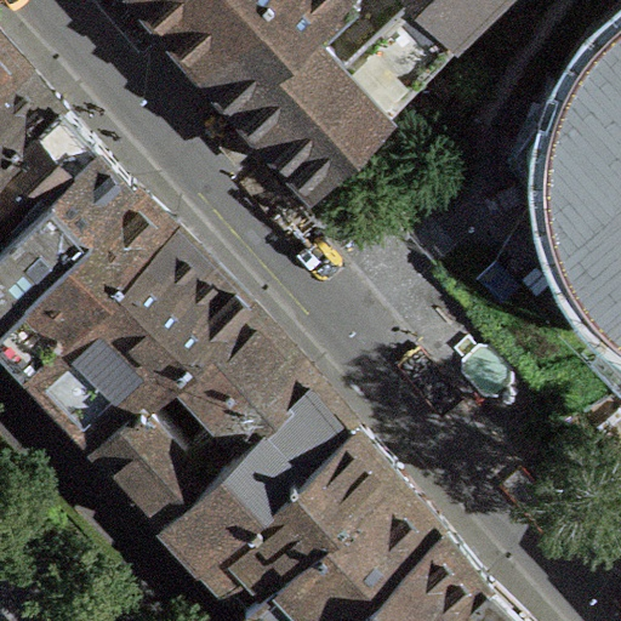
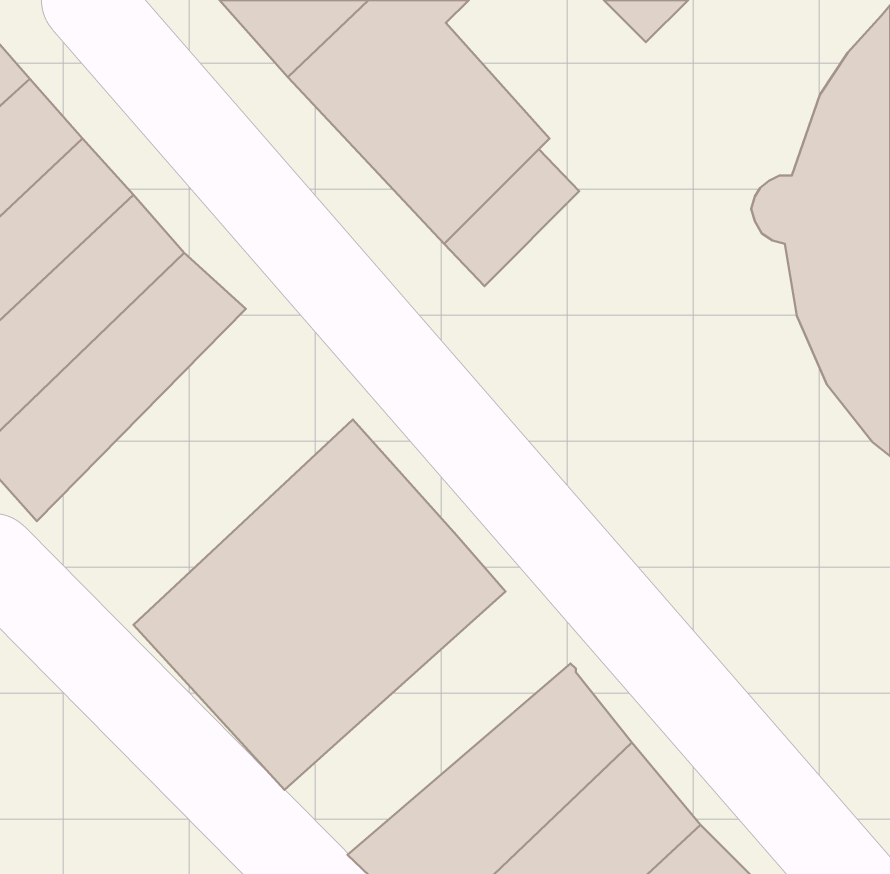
building: [25,229,244,448] -> none
building: [196,425,394,608] -> none

